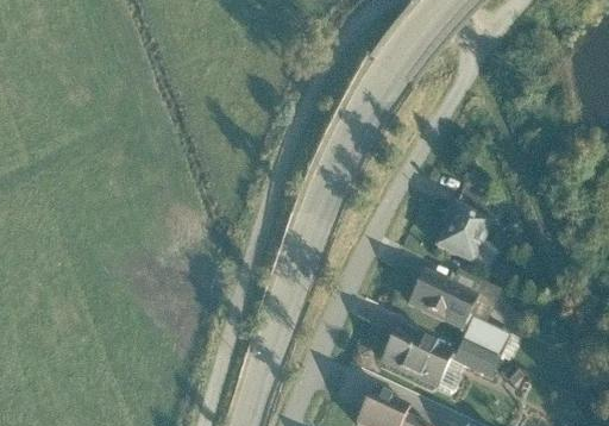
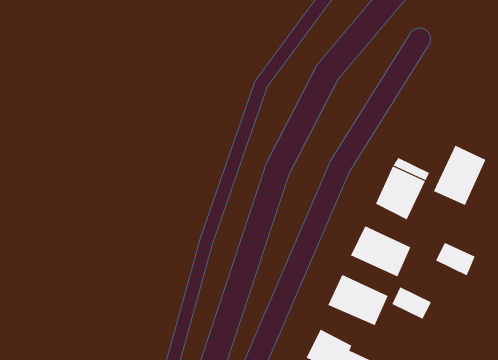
building: none -> [433,145,486,206]
building: [462,318,508,357] -> [435,242,475,276]

